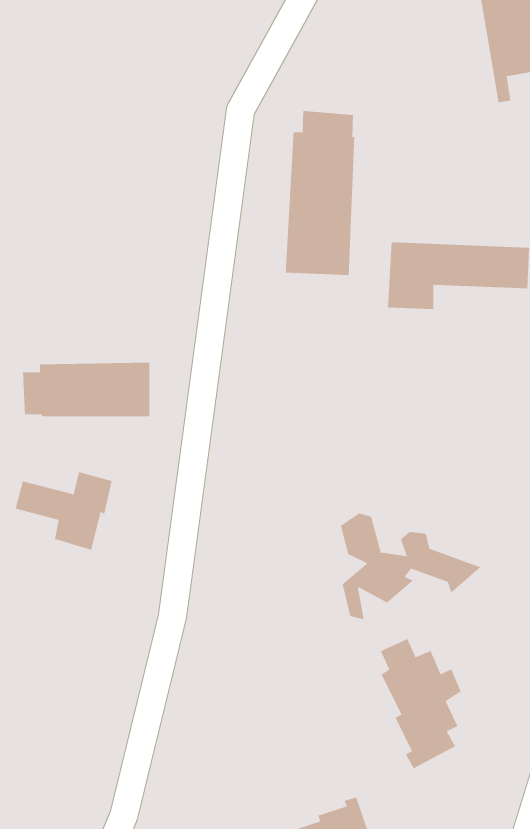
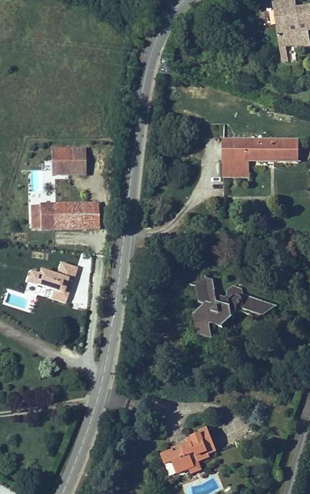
building: [285,110,355,276] -> none
building: none -> [50,147,84,174]
building: [380,638,462,769] -> none

